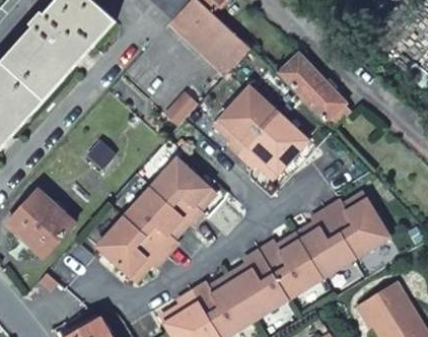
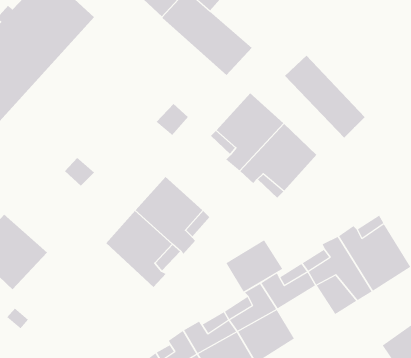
building: [96,216,165,280] -> none
building: [272,253,322,298] -> [226,240,283,293]

